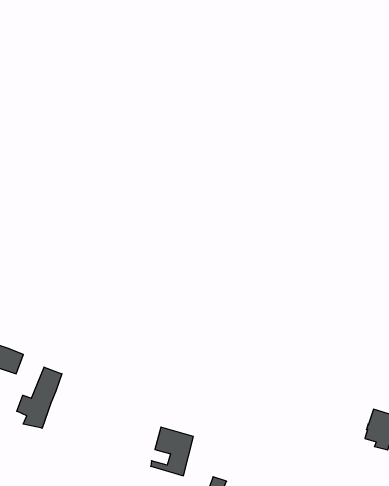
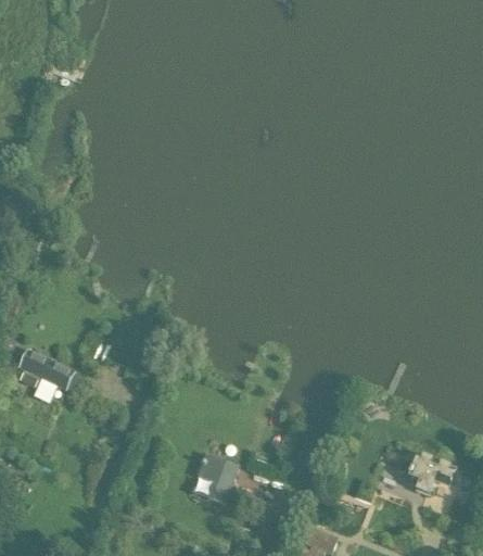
building: [17,367,62,428] -> none

